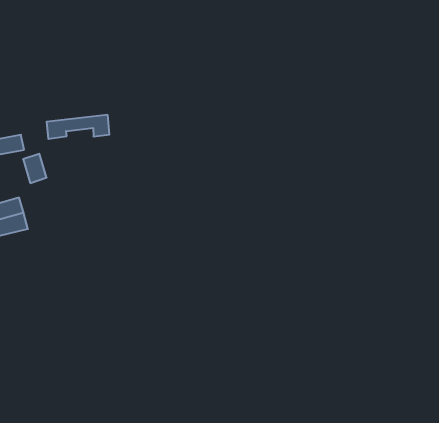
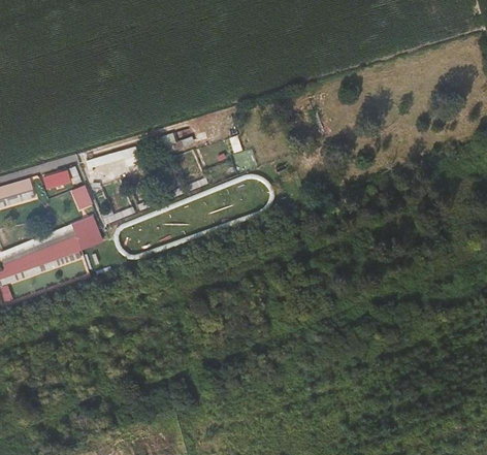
building: none -> [70,218,102,252]

